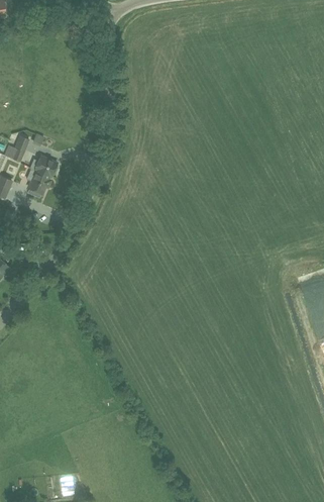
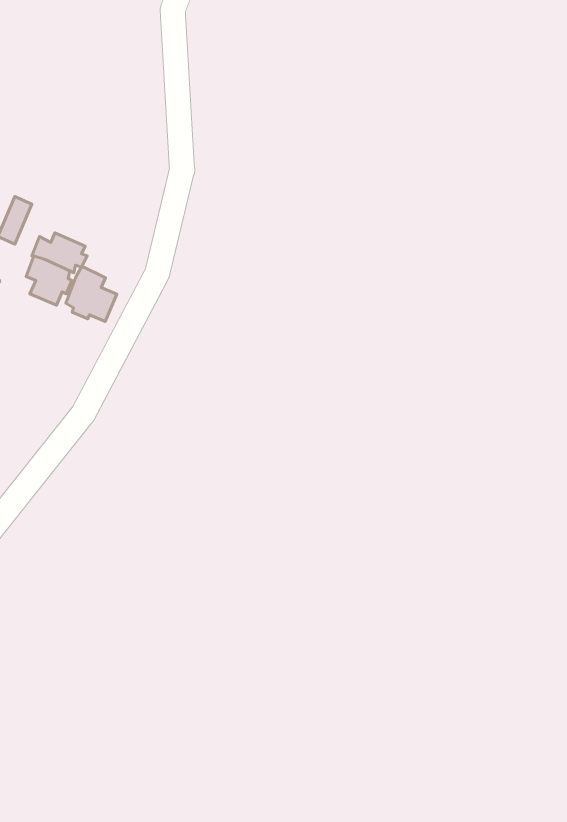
building: none -> [66,266,117,321]

